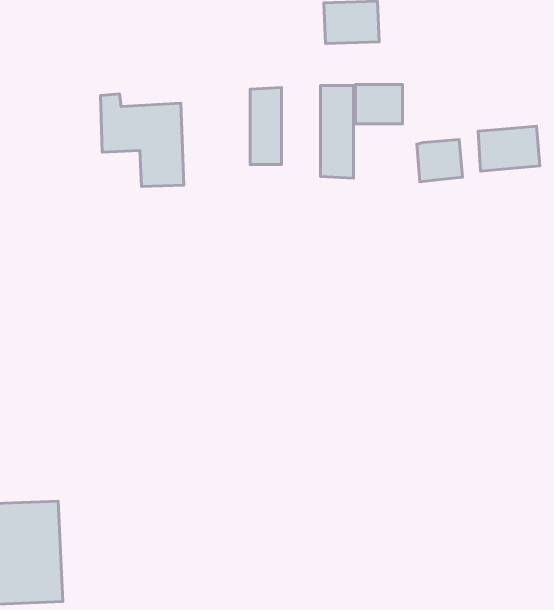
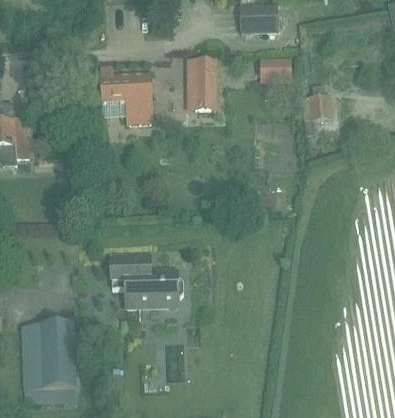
building: [321,85,354,178] -> none
building: [478,126,540,171] -> none
building: none -> [111,254,183,307]

